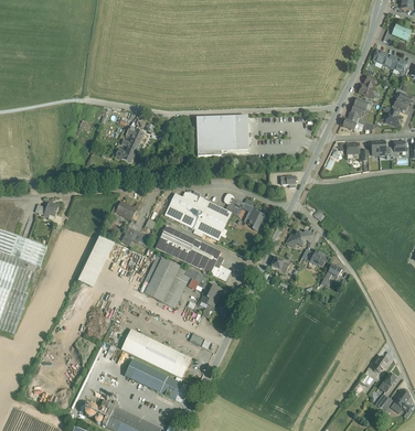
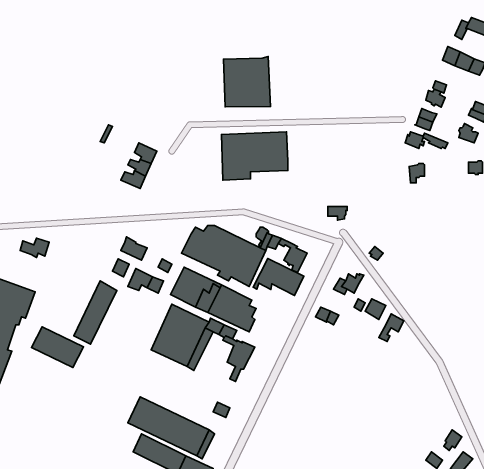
building: none -> [224,56,270,107]
building: none -> [253,259,304,296]
building: none -> [31,327,83,368]

